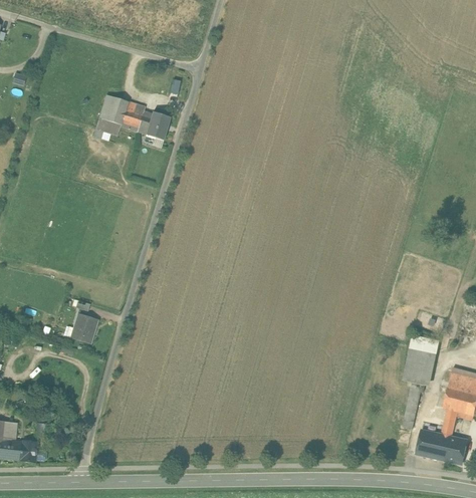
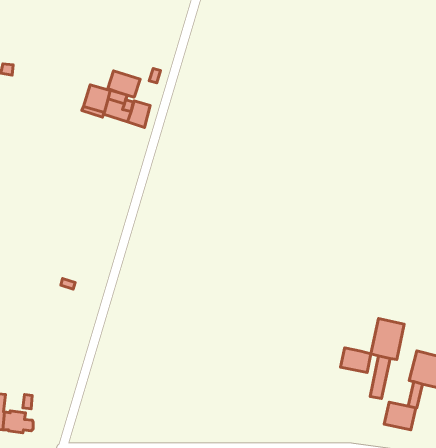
building: none -> [108,71,140,97]
building: [70,313,96,342] -> none
building: none -> [341,348,371,372]
building: [444,436,466,463] -> none

